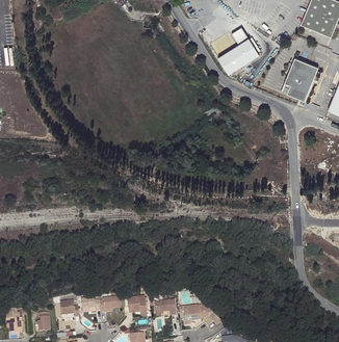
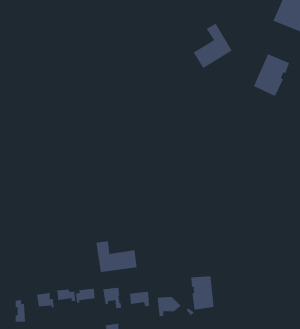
building: none -> [96,240,137,273]
building: none -> [191,275,214,310]

